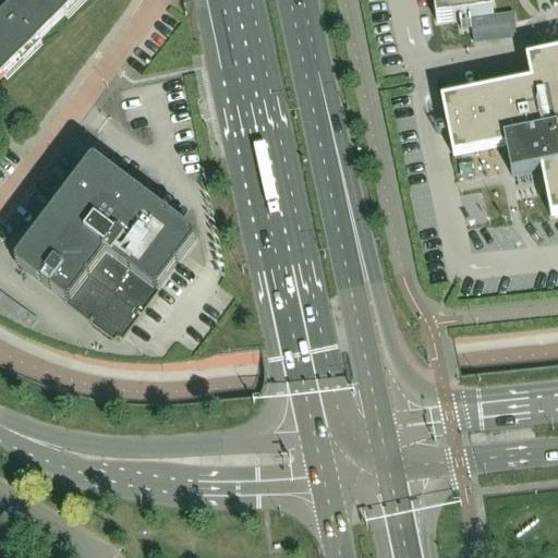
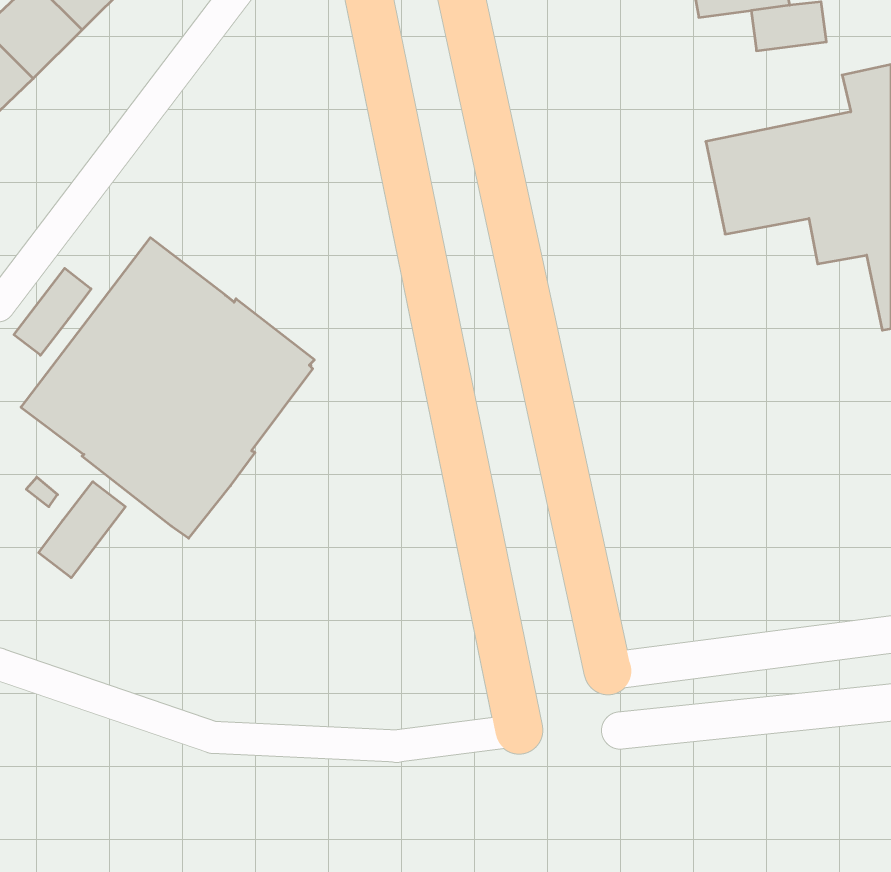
building: none -> [14,268,91,355]
building: none -> [39,482,125,578]

